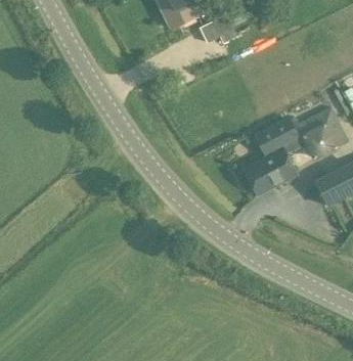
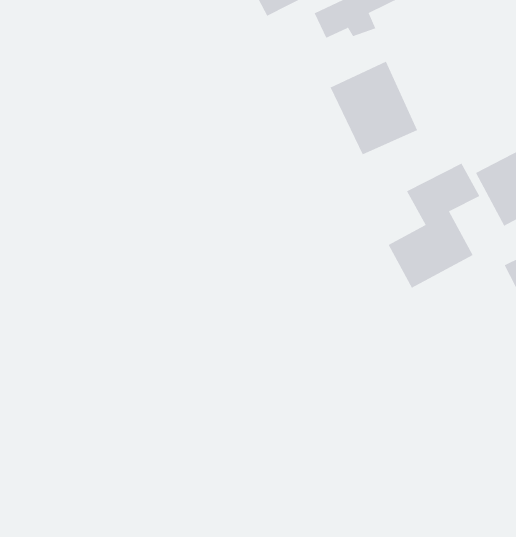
building: none -> [330,61,418,155]

